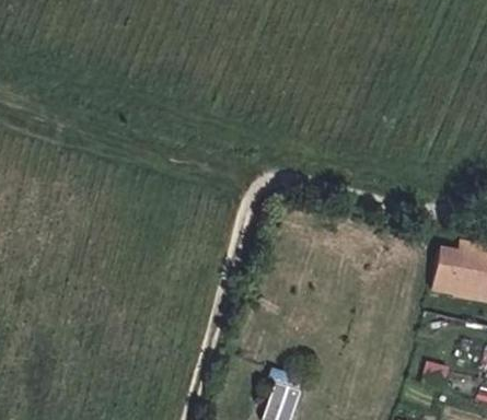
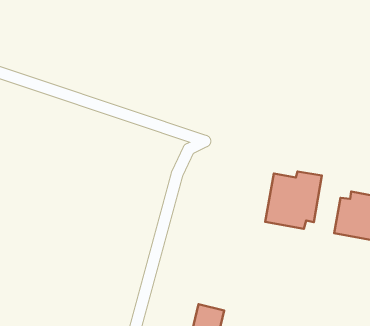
building: none -> [265,171,322,229]

